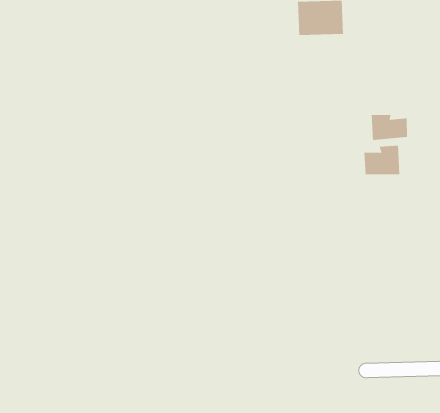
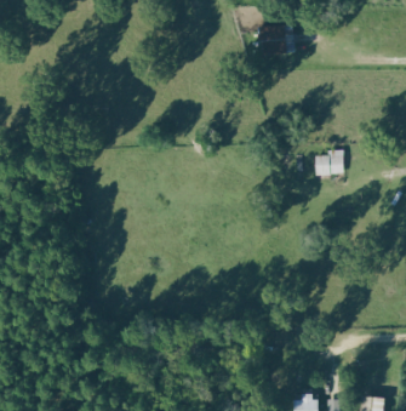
building: [371,114,408,141] -> none

